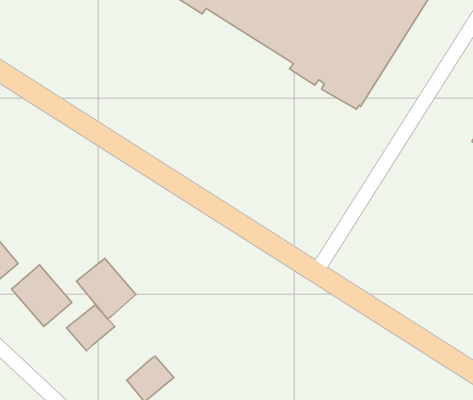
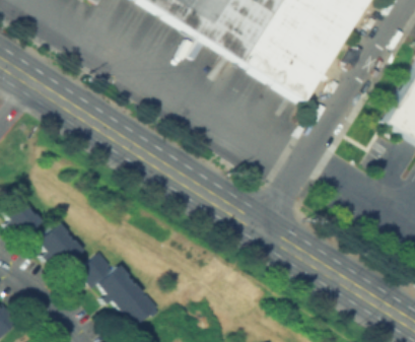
building: [77,258,136,319] -> [98,264,143,310]

